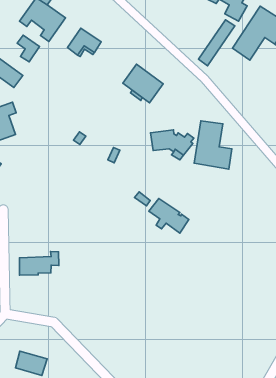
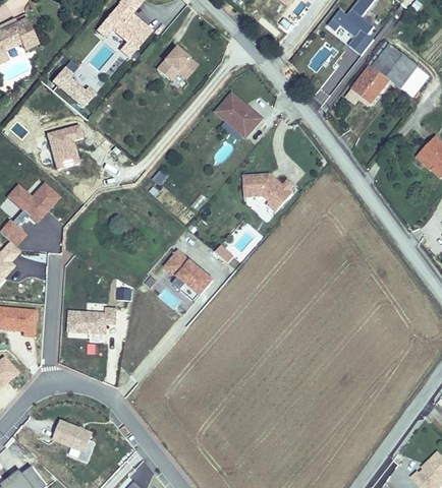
building: [17,35,39,62] -> none
building: [194,121,232,169] -> none
building: [149,198,189,233] -> [166,252,213,296]

